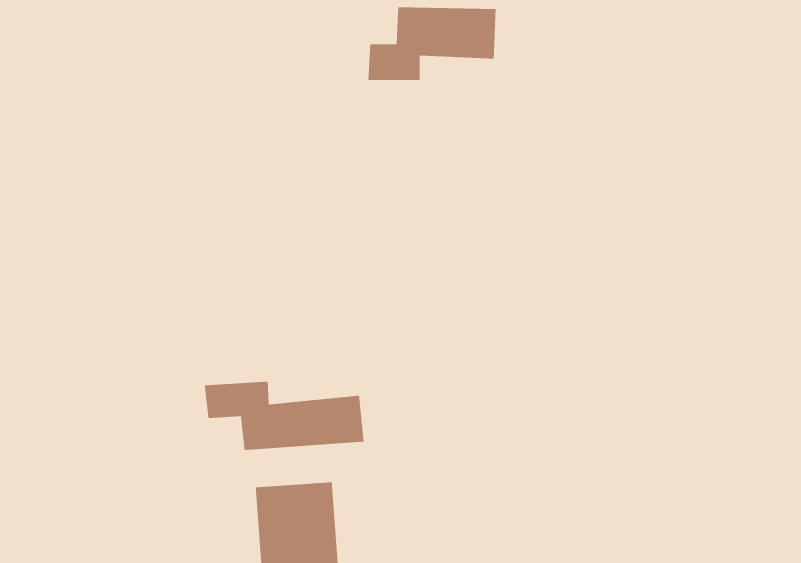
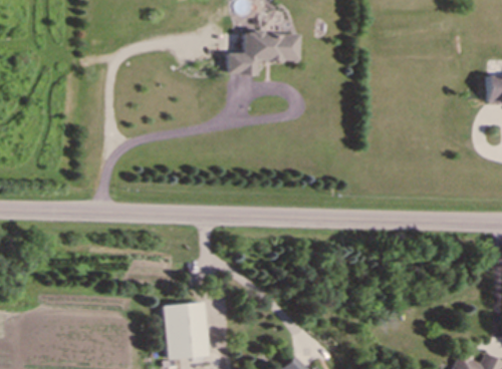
building: [204,381,364,451] -> none

